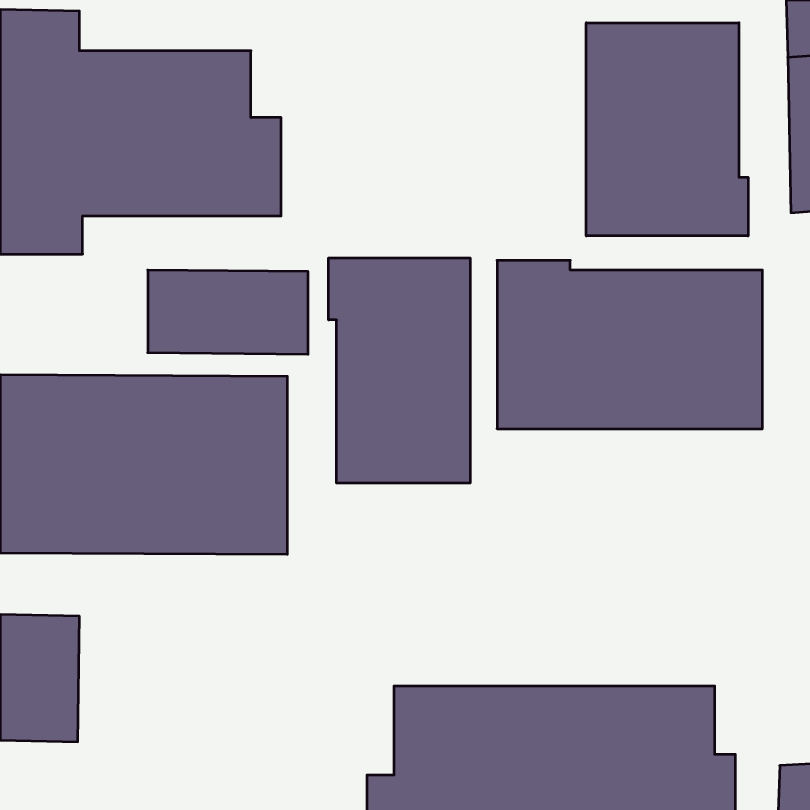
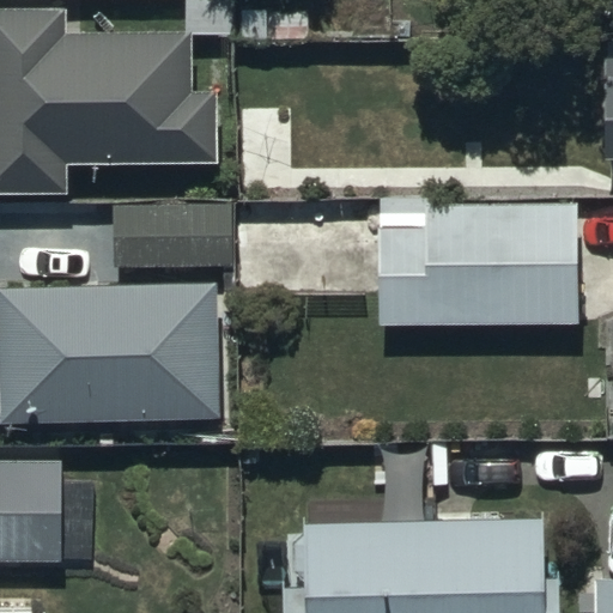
building: [586,23,748,236] -> none
building: [329,258,470,483] -> none

